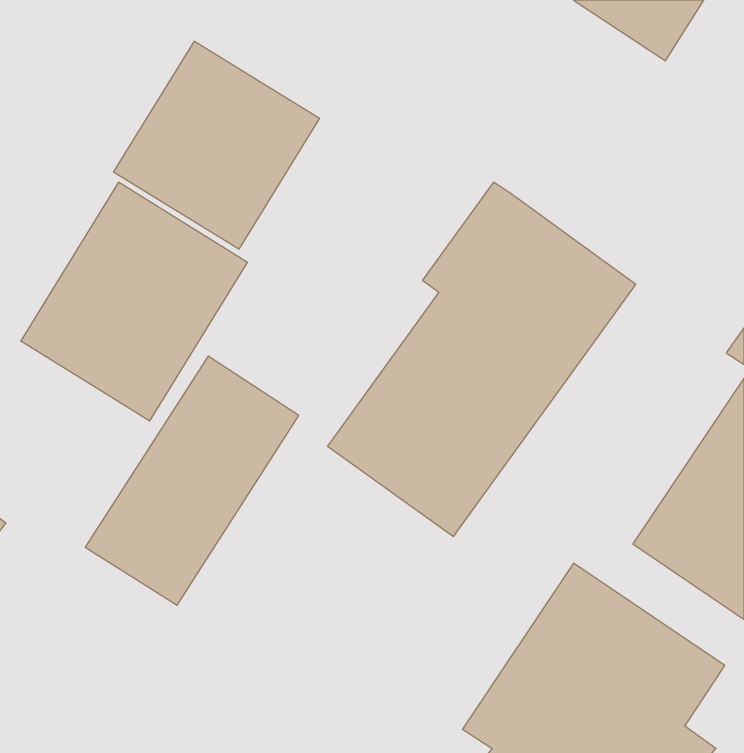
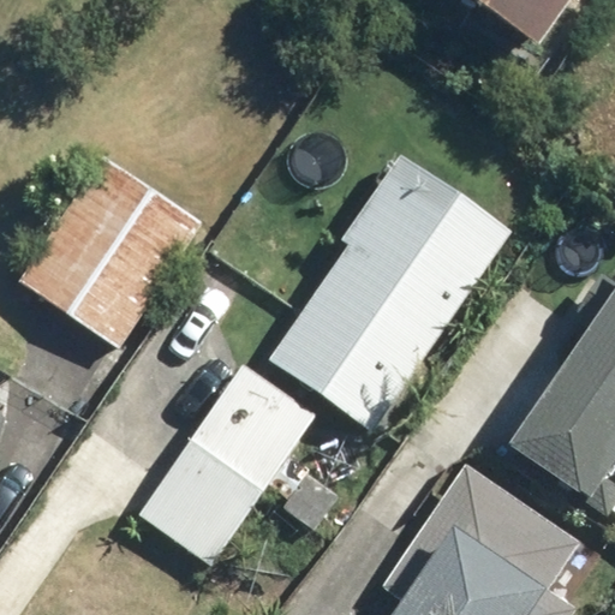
building: [114,41,320,249] -> none
building: [85,356,299,605] -> [138,362,311,563]

